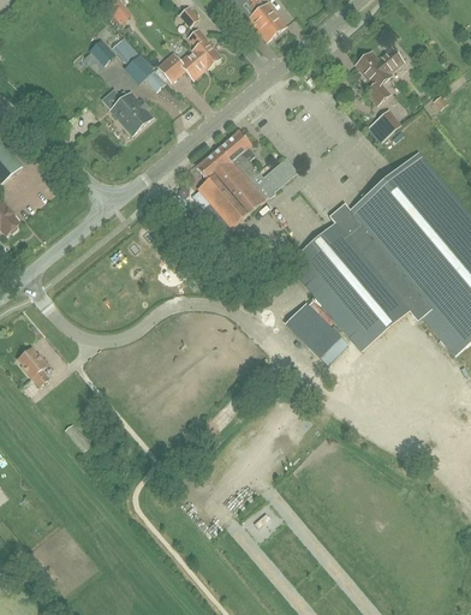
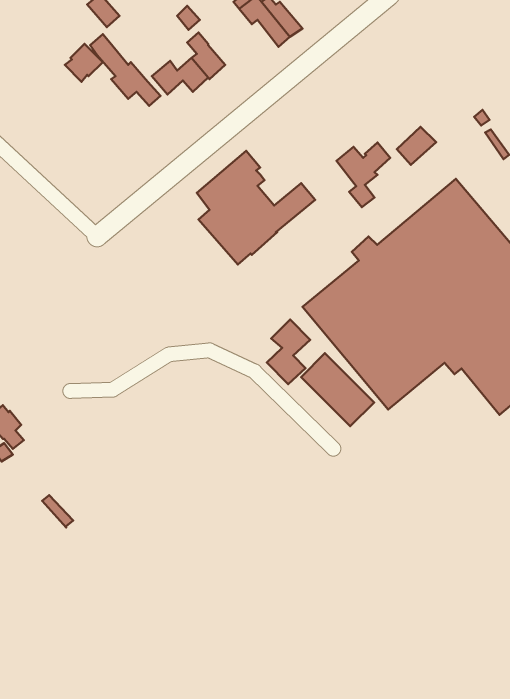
building: [356,48,401,103] -> [337,143,390,207]
building: [101,86,151,135] -> none
building: none -> [267,320,310,384]

